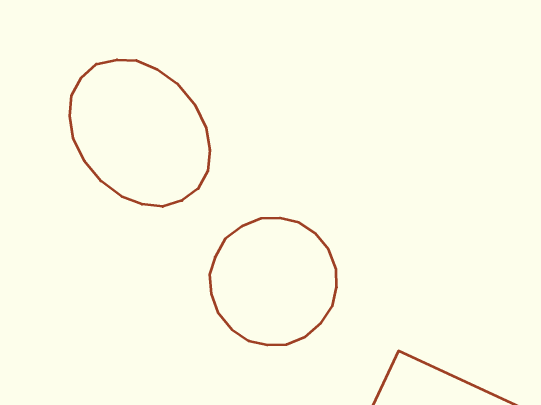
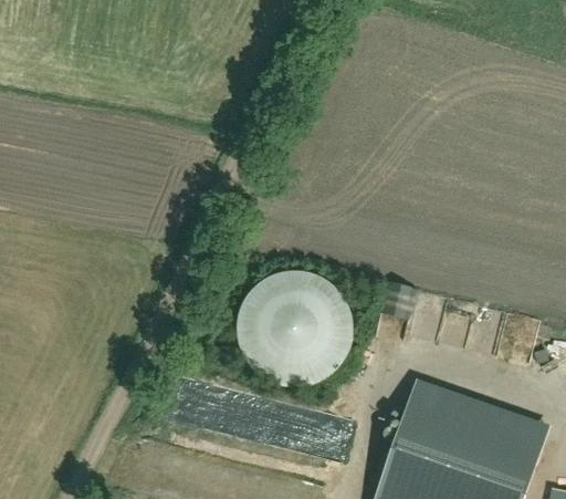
building: [70,60,210,207] -> none

